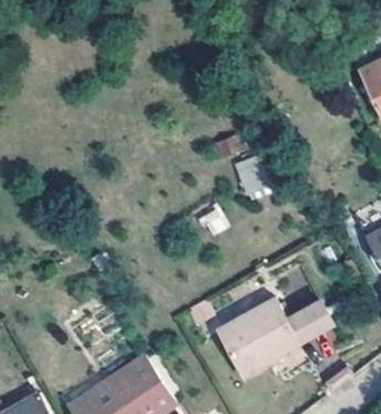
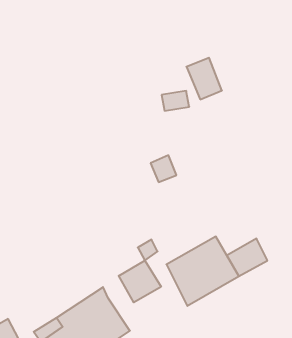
building: [233,154,272,200] -> [186,58,222,99]
building: none -> [119,260,161,302]

